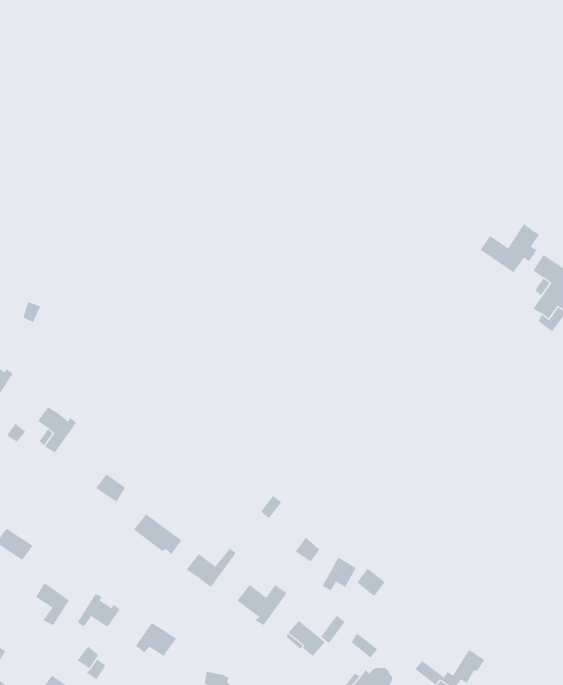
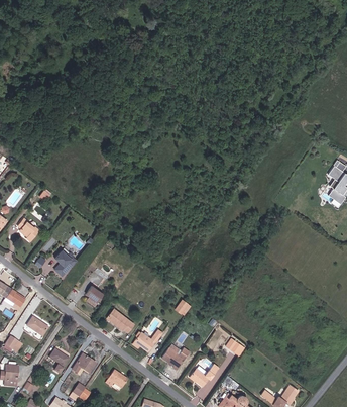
building: [480,223,540,273] -> none

